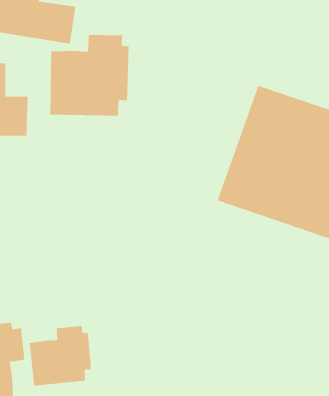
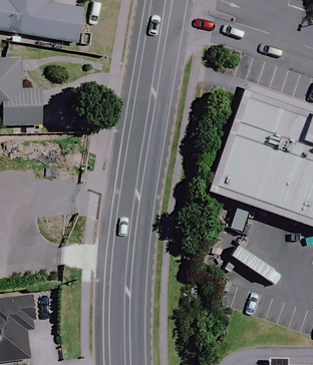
building: [50,34,129,116] -> none
building: [29,325,91,386] -> none

